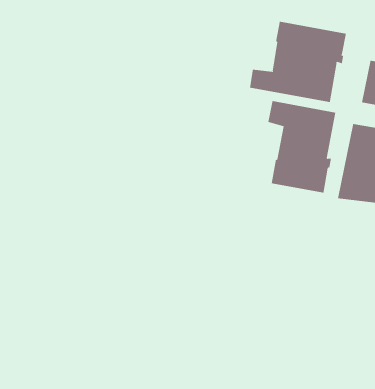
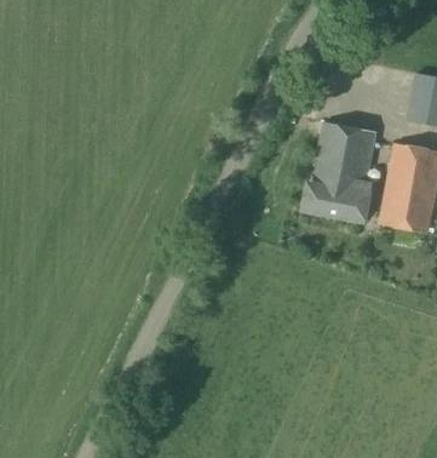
building: [249,21,346,103] -> none

